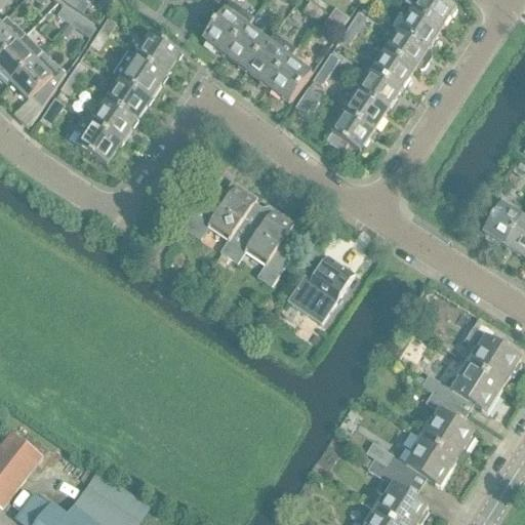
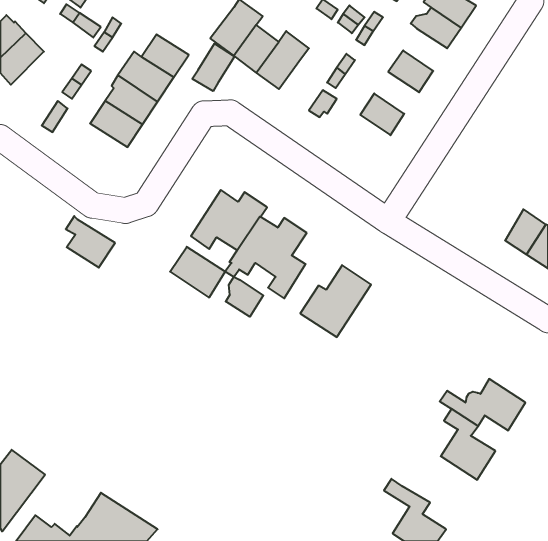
building: [386,28,432,68] -> none
building: none -> [192,44,235,91]
building: [10,49,65,107] -> none
building: [267,55,311,102] -> none
building: [358,69,401,109] -> none
building: [325,110,373,151] -> none
building: [75,115,122,164] -> [66,216,115,268]
building: none -> [170,247,225,298]
building: none -> [226,277,263,317]
building: [463,316,520,385] -> none
building: [385,436,456,485] -> none

